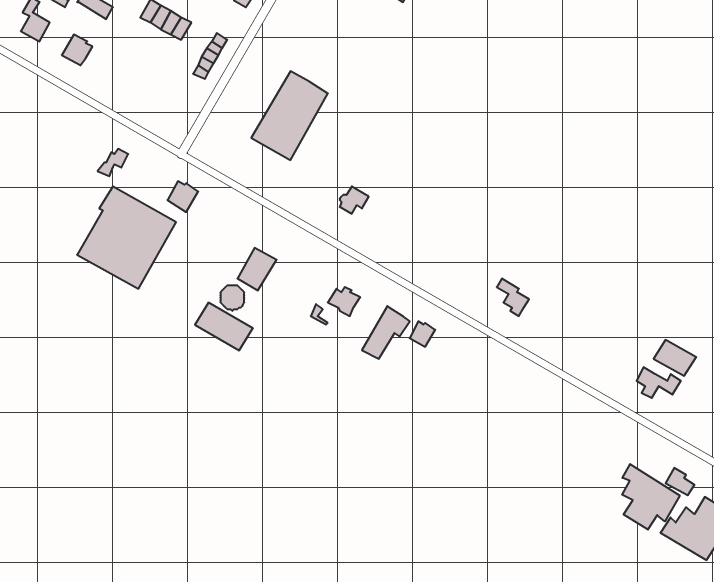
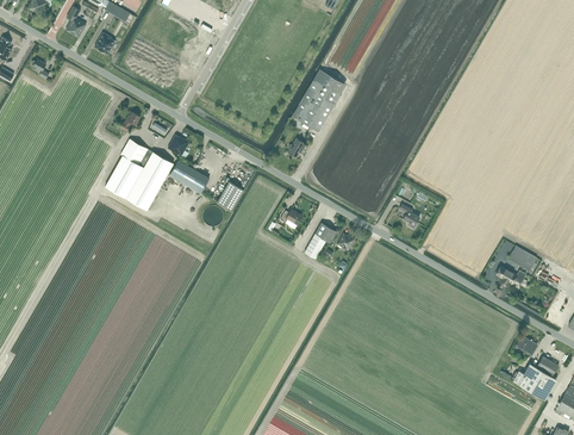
building: [251,71,328,160] -> [292,69,345,131]
building: [195,303,253,350] -> [169,160,210,193]
building: [622,464,680,530] -> none

